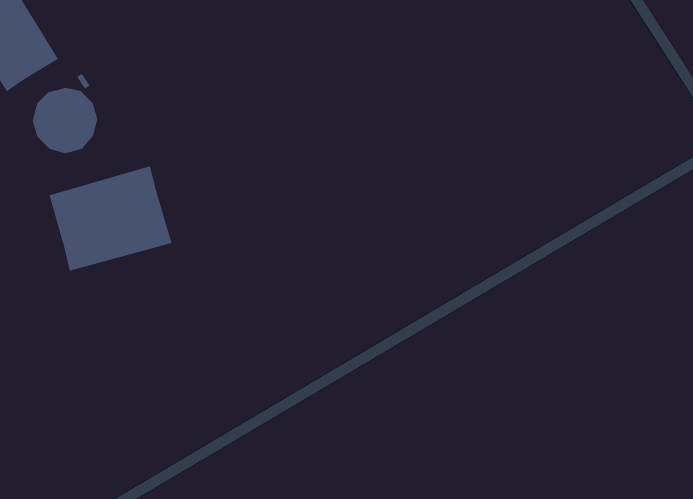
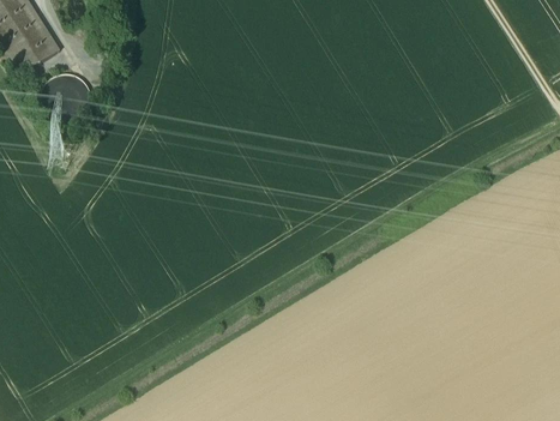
building: [49,165,172,272] -> none

